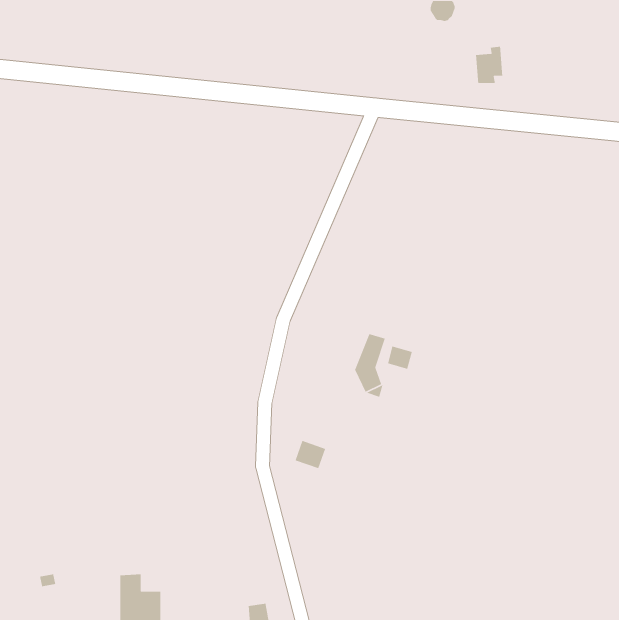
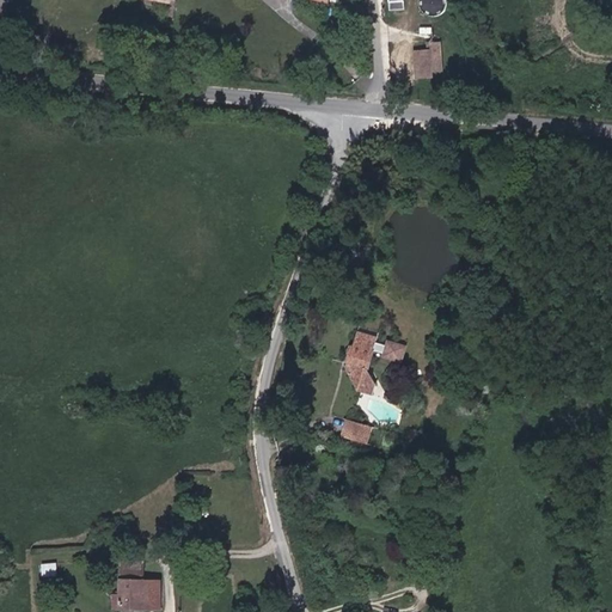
building: [475,46,503,84] -> [412,43,440,80]
building: [294,440,326,469] -> [339,416,371,445]

